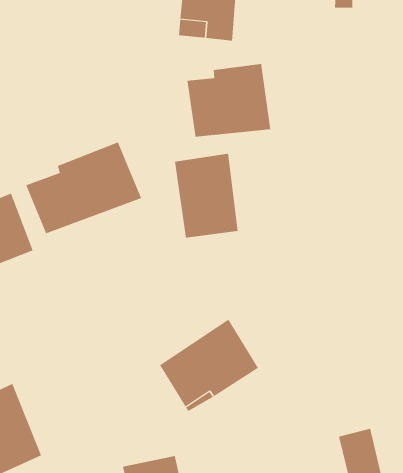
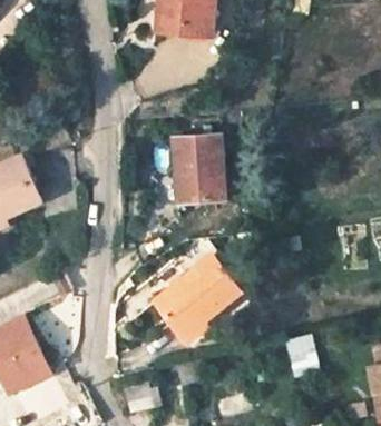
building: [187,63,271,138] -> none
building: [25,141,142,234] -> none

